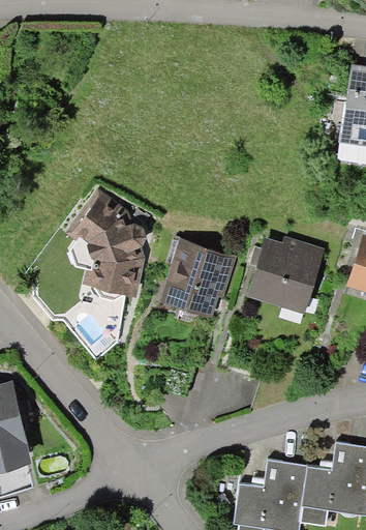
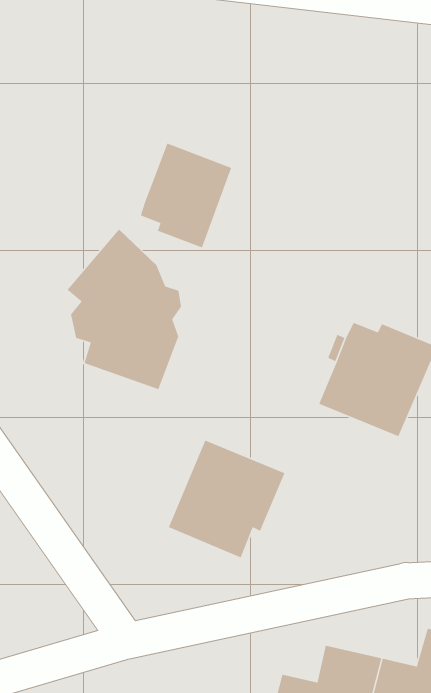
building: none -> [140,143,232,248]
building: [158,238,236,318] -> [168,439,286,559]

